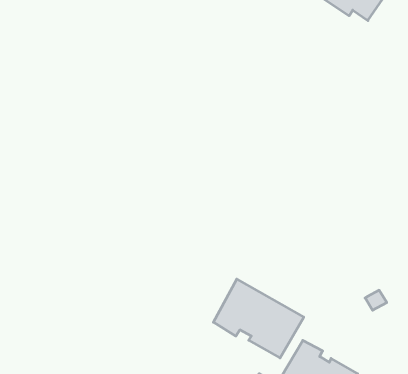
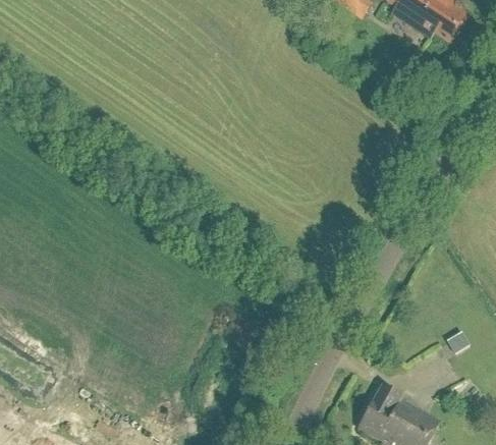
building: [213,279,304,358] -> none

